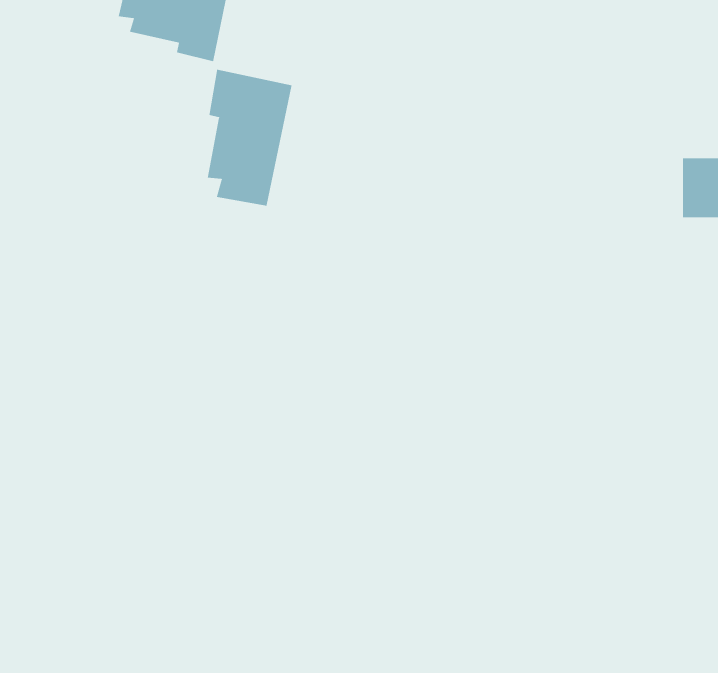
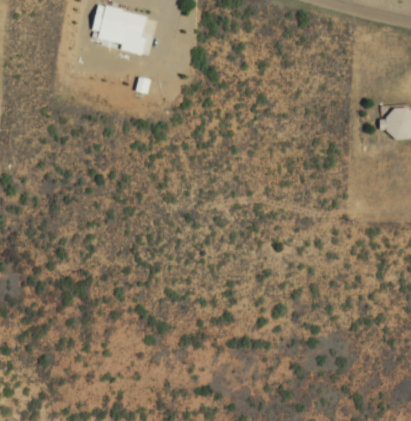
building: [207,69,292,207] -> none

